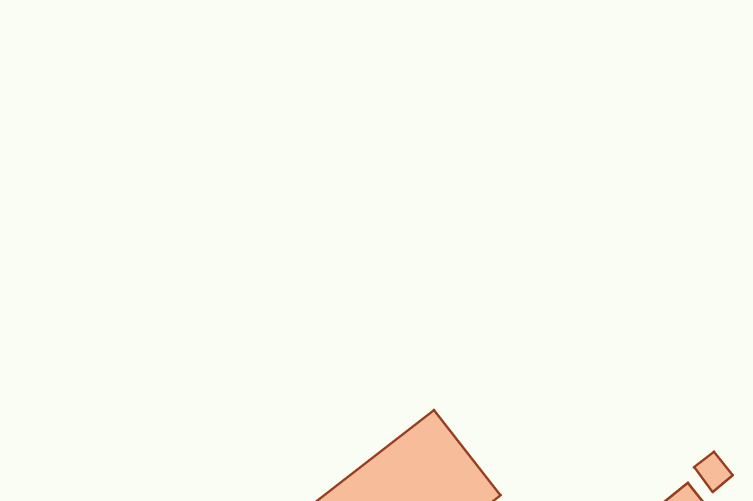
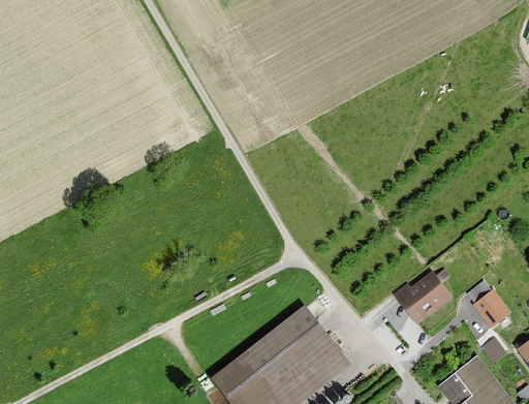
building: none -> [394,269,453,324]
building: none -> [470,290,508,329]

